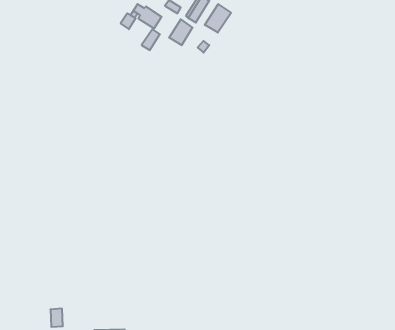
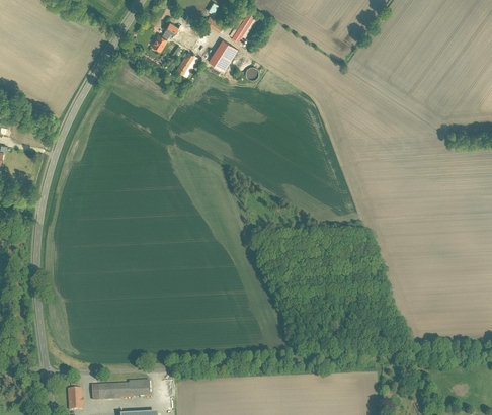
building: [205,4,231,33] -> none
building: none -> [90,379,149,400]

